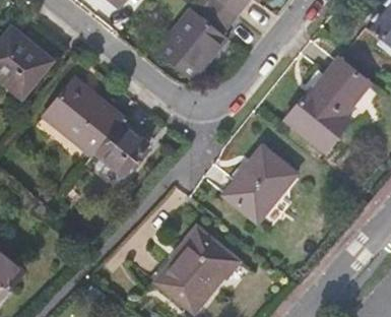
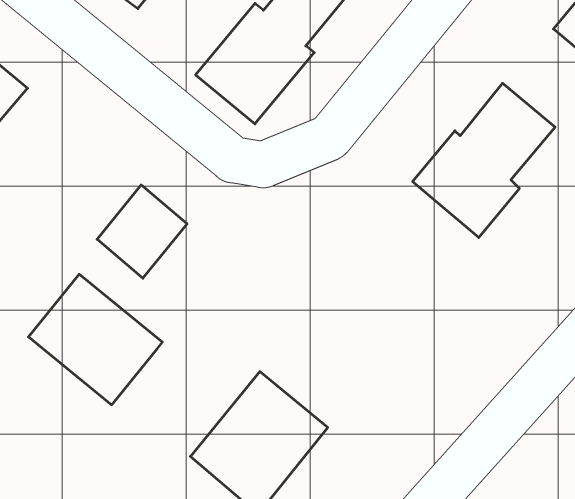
building: [46,73,126,151] -> [28,274,162,405]
building: [223,148,296,224] -> none

